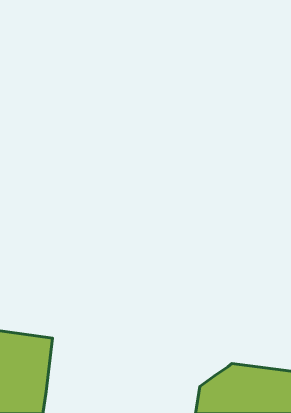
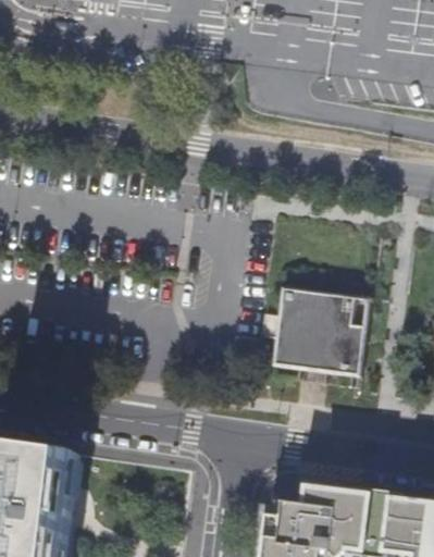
building: none -> [270,288,367,379]

